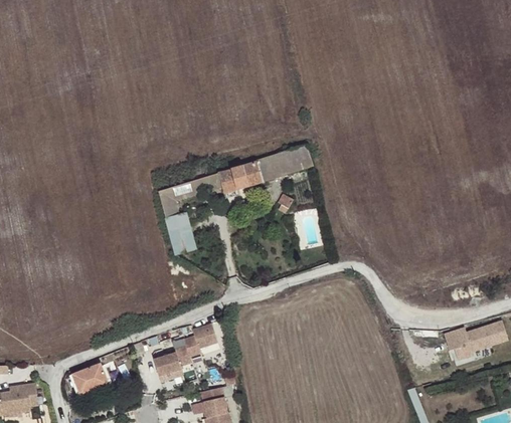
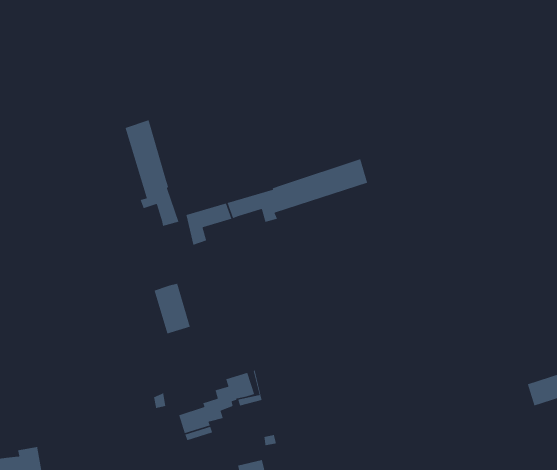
building: none -> [124,119,180,227]
building: [164,212,195,255] -> [154,283,191,334]
building: [70,364,106,396] -> none

